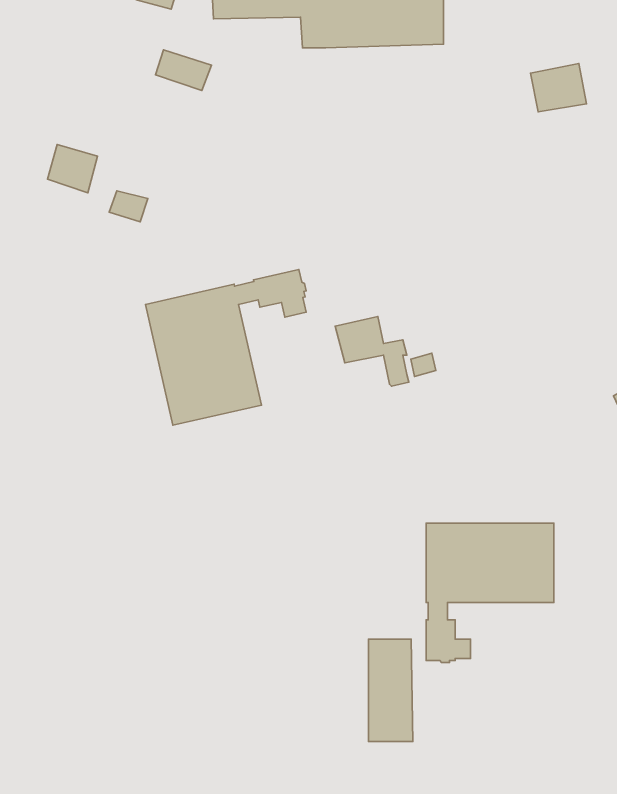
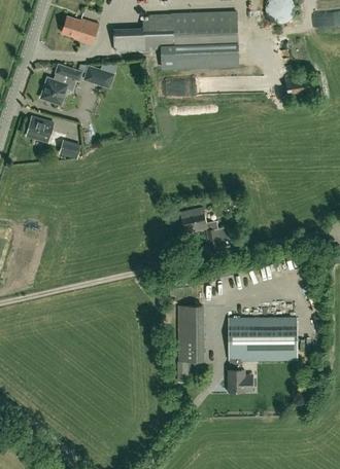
building: none -> [41,64,81,103]
building: [145,270,306,425] -> none
building: [369,639,413,742] -> [178,305,202,360]

